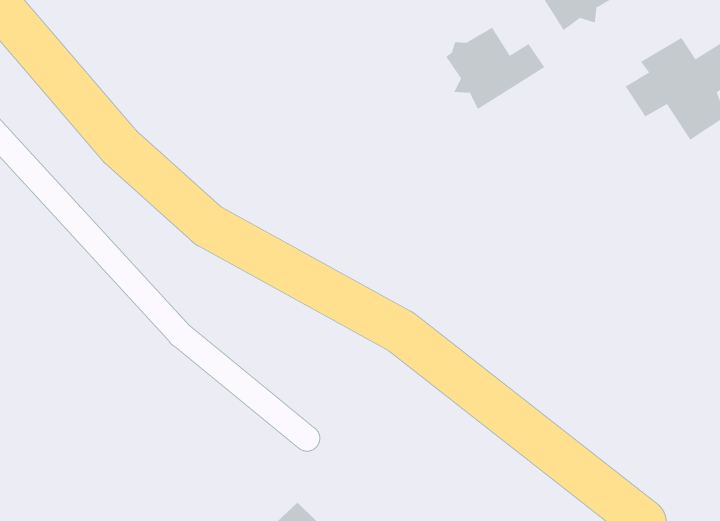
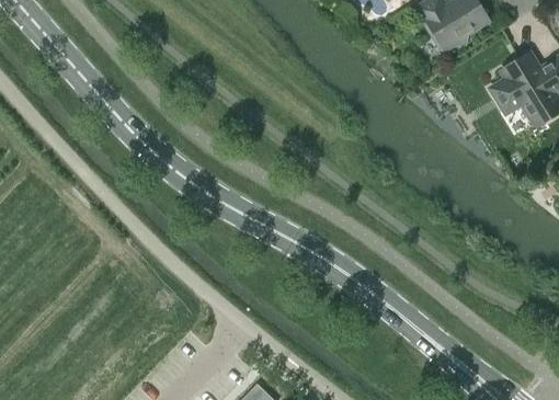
building: [446,27,545,110] -> none

